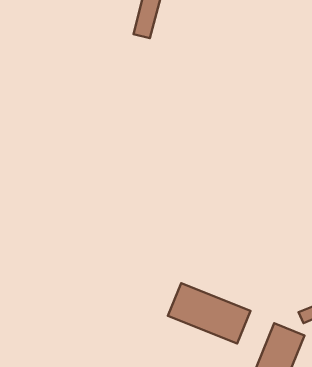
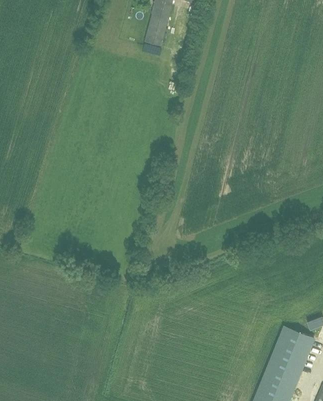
building: [168,283,250,344] -> none

